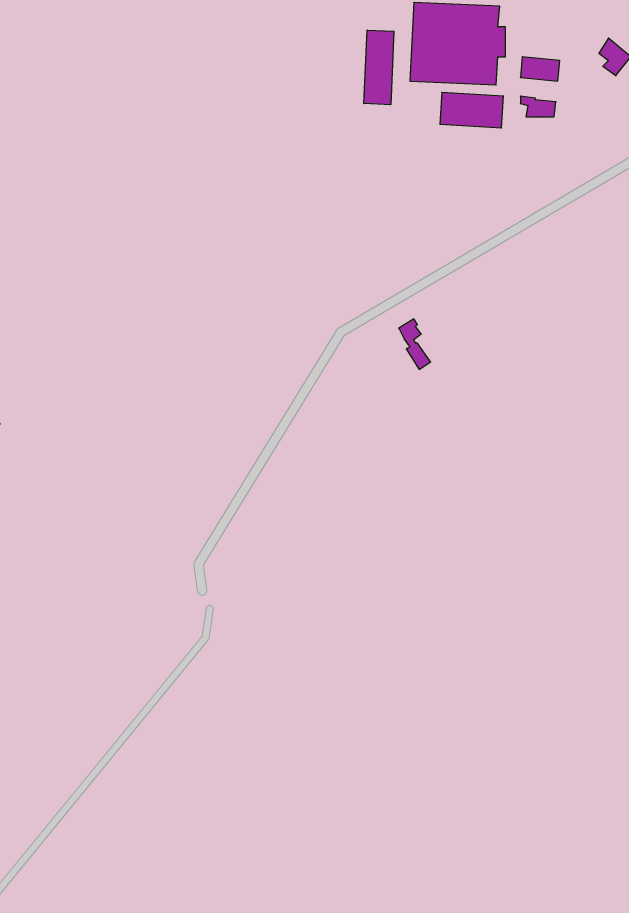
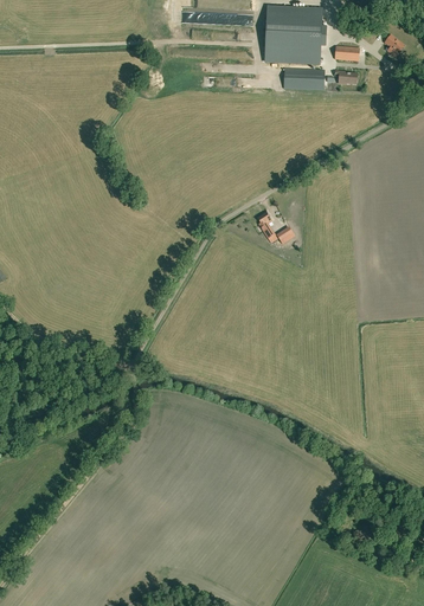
building: [364,30,394,105] -> none

